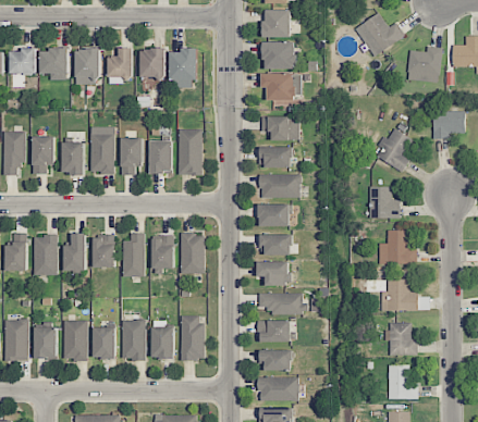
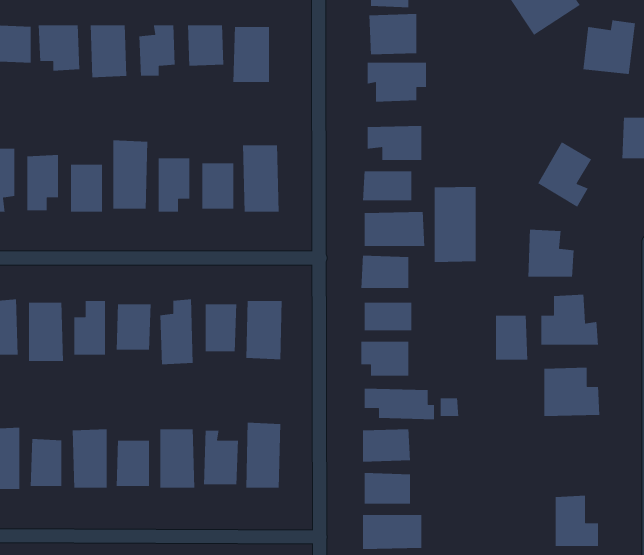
building: none -> [434,186,477,263]
building: none -> [495,315,528,360]
building: [385,323,417,356] -> none

